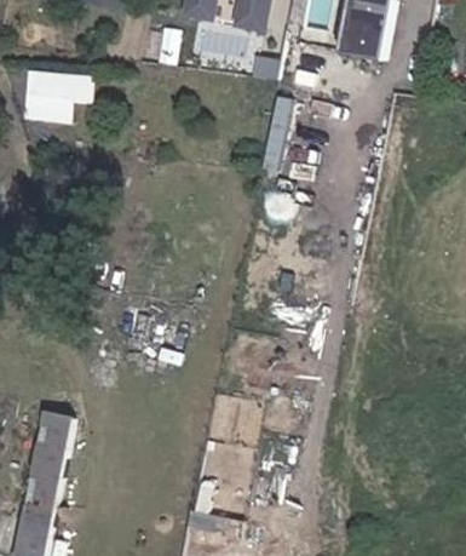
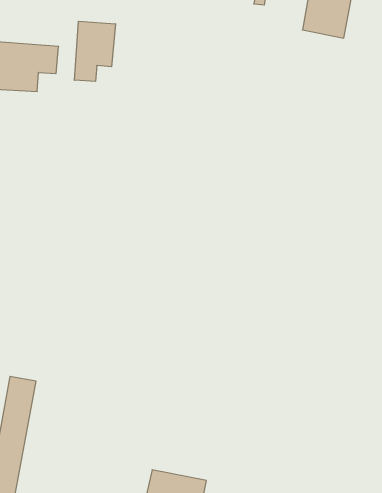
building: none -> [74,21,115,81]

